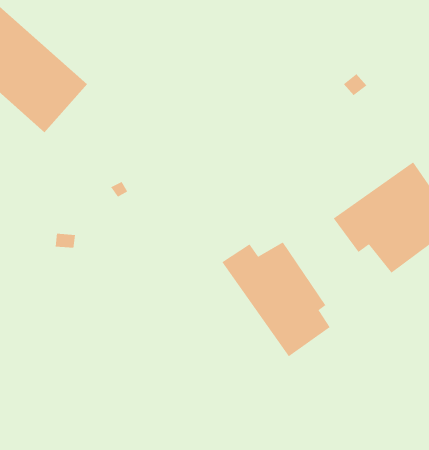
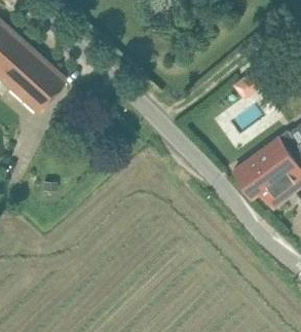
building: [221,242,330,357] -> none

